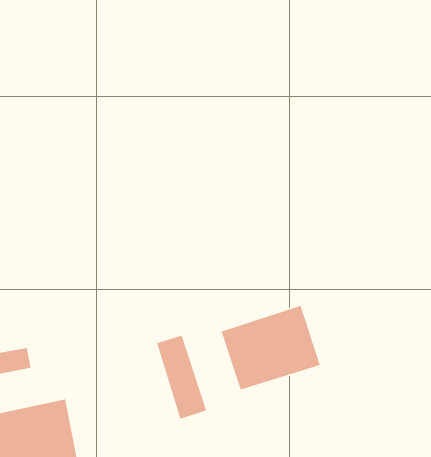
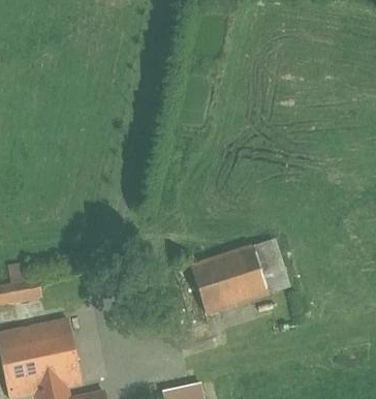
building: [156,334,207,420] -> none

